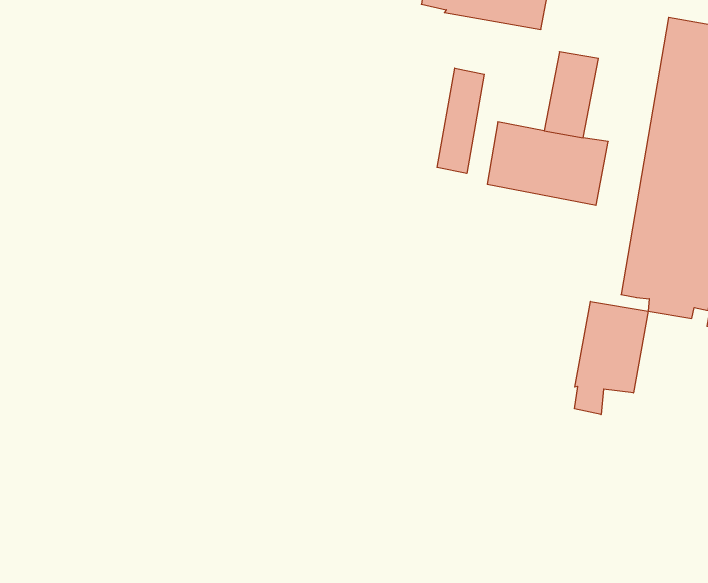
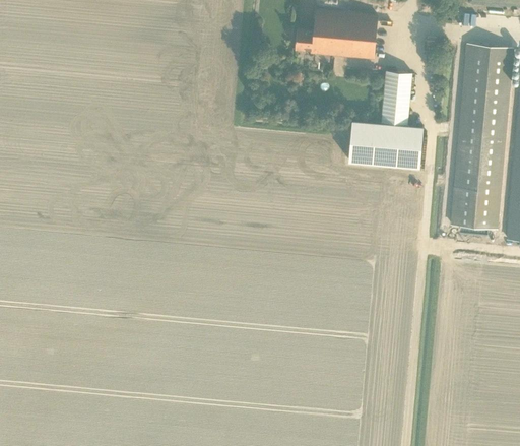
building: [437,68,484,173] -> none
building: [575,301,648,415] -> none

